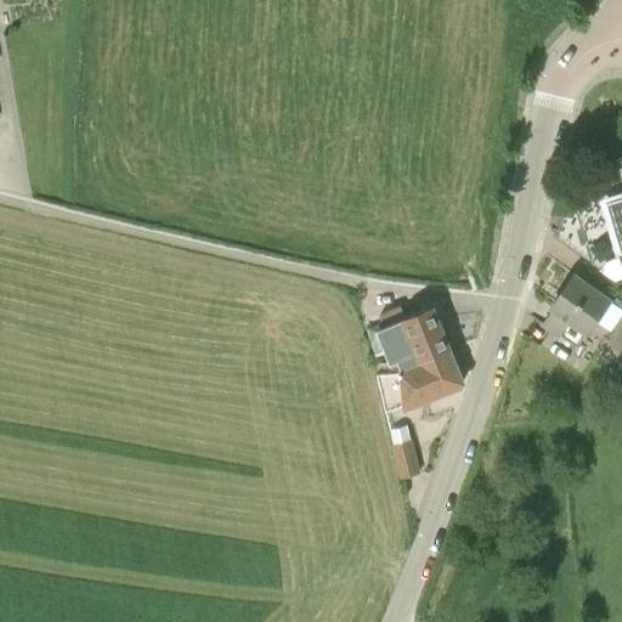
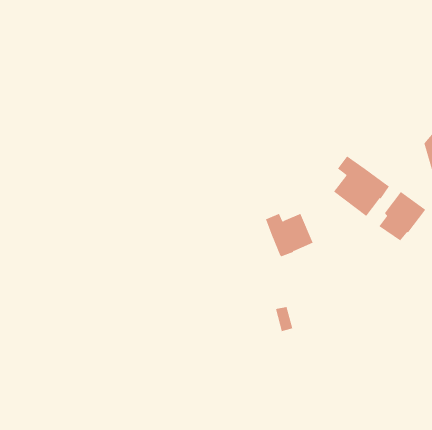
building: none -> [333,155,390,217]
building: [380,352,464,411] -> none

